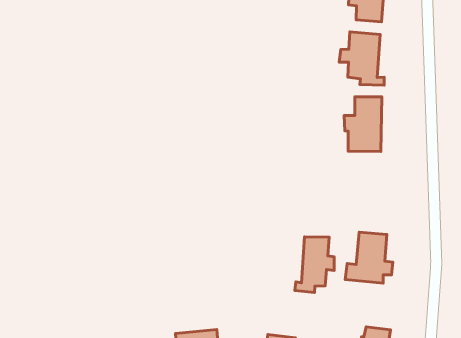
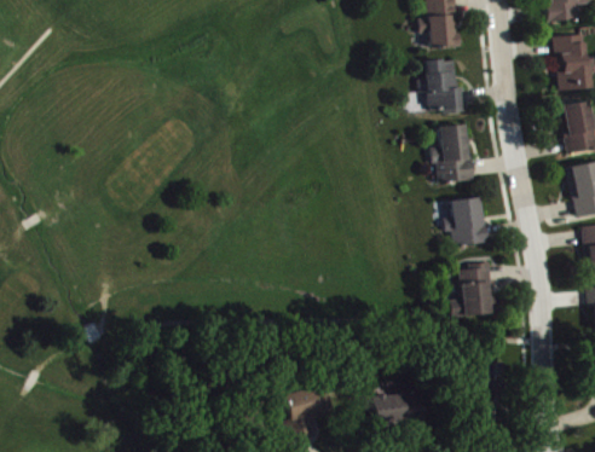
building: none -> [445,197,486,247]
building: [295,237,334,292] -> none

